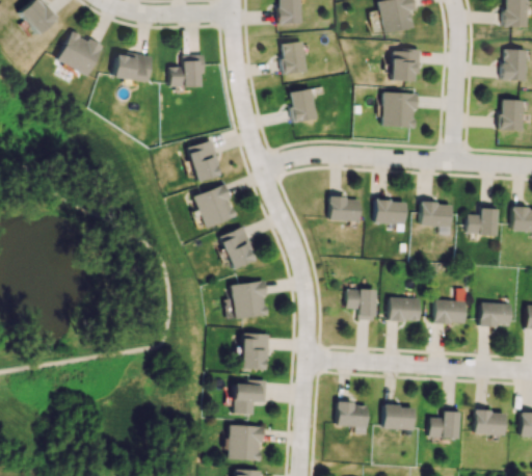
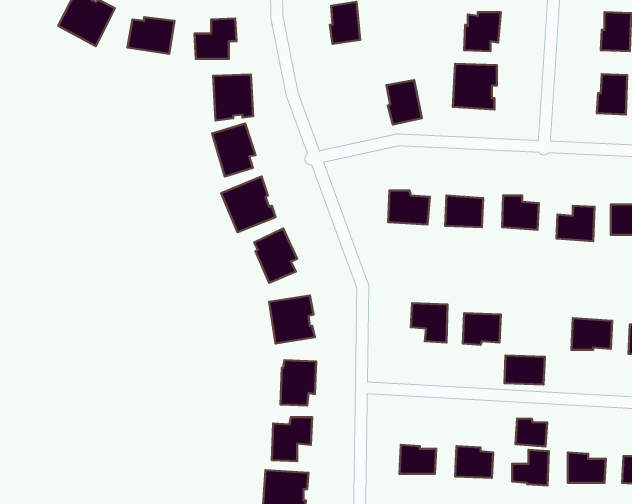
building: [289,88,318,125] -> [387,80,422,125]
building: none -> [213,75,253,121]
building: [434,299,468,323] -> [504,355,545,385]
building: none -> [516,418,547,446]

